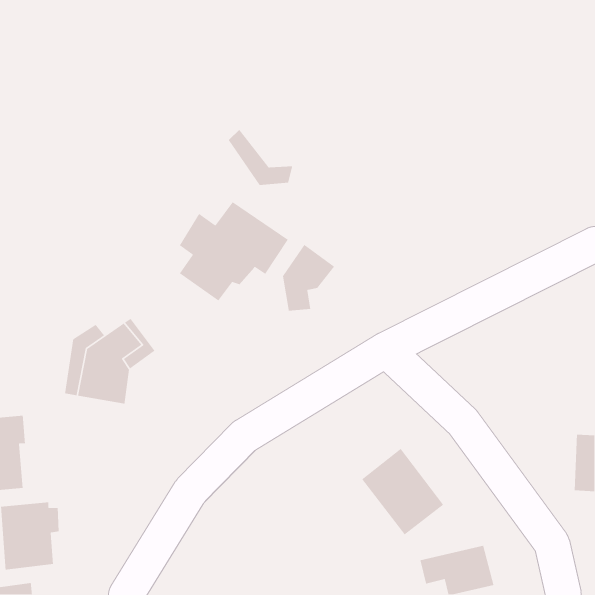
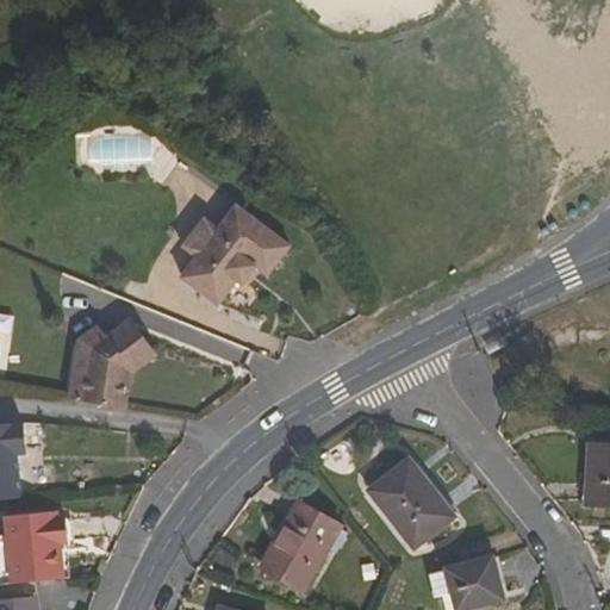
building: [228,129,293,186] -> none
building: [282,244,335,311] -> none
building: none -> [260,499,348,591]

